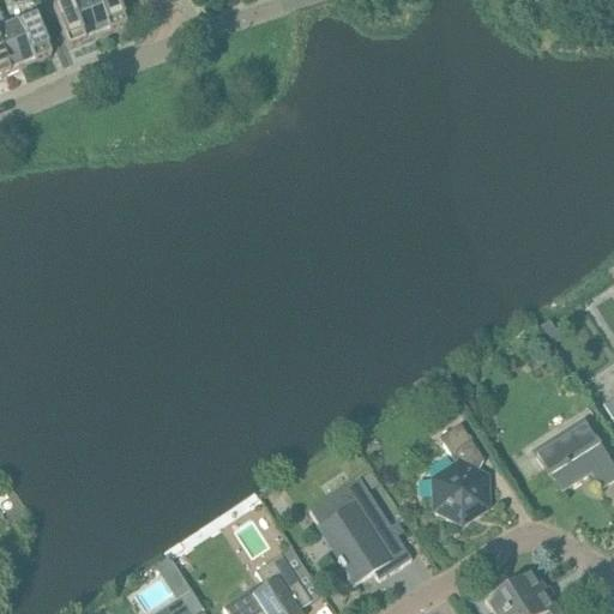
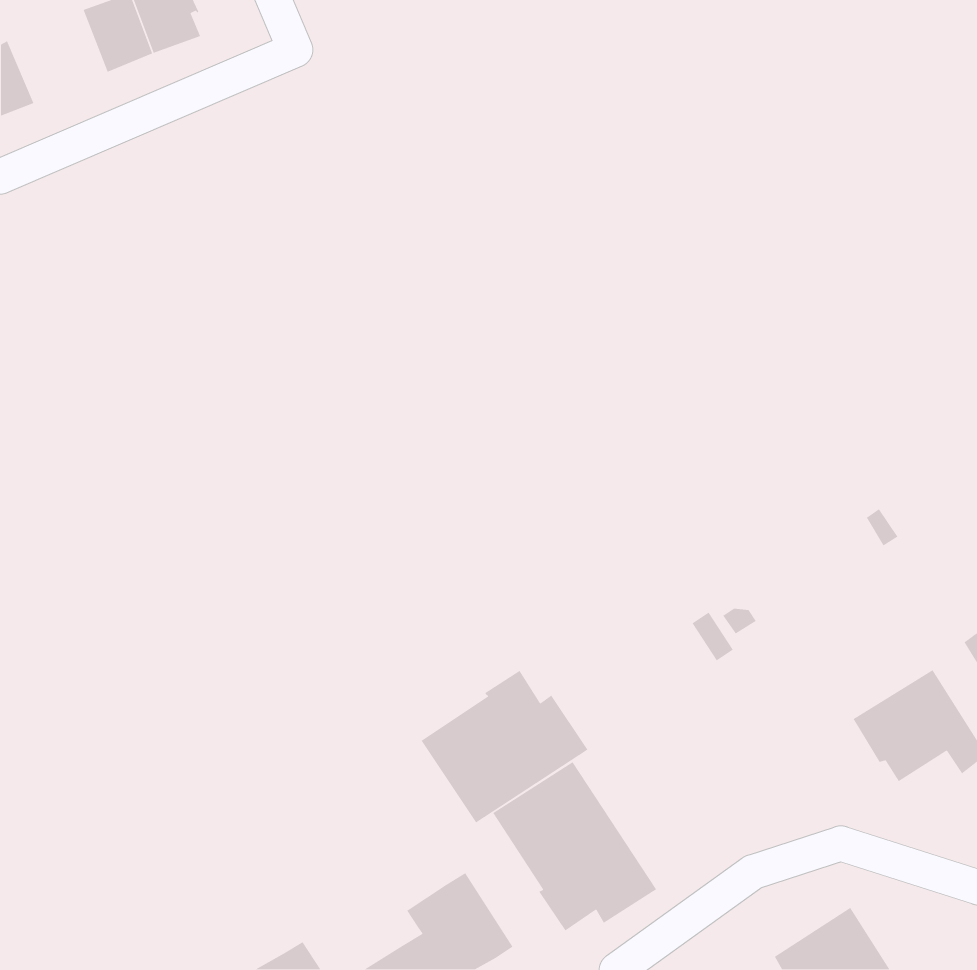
building: [6,13,52,65] -> none
building: none -> [420,670,588,824]
building: [432,421,490,520] -> none

